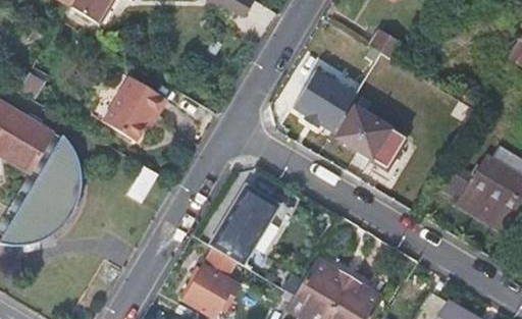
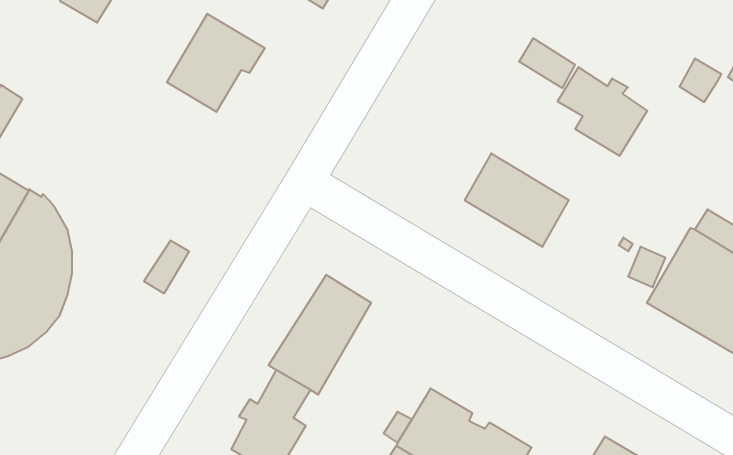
building: none -> [558,67,647,156]
building: [296,65,359,129] -> none
building: [104,74,168,139] -> [167,14,265,112]

